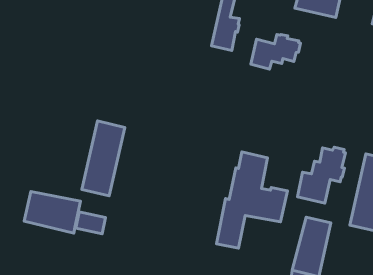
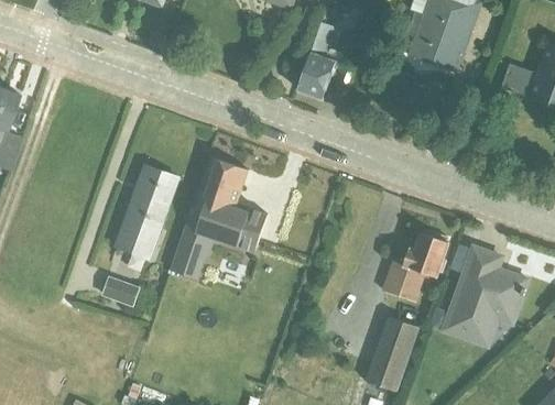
building: [251,35,301,69] -> none
building: [217,152,287,248] -> [171,158,266,277]
building: [24,191,81,233] -> none

